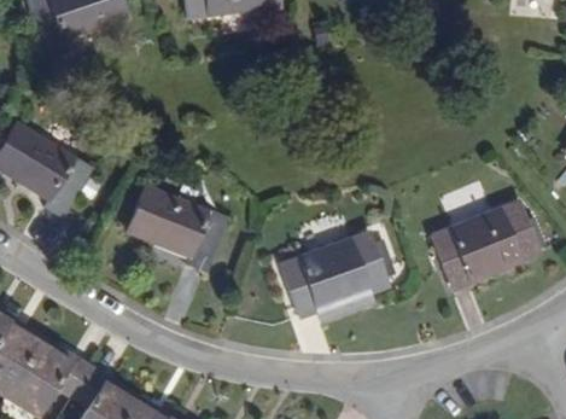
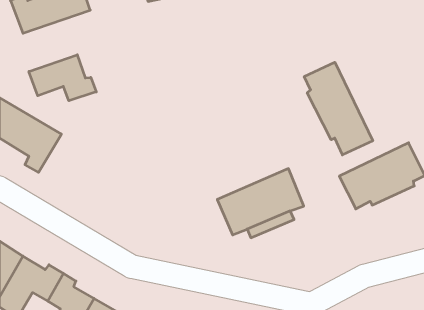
building: none -> [29,55,96,101]
building: none -> [304,62,373,155]
building: [146,209,243,280] -> none

